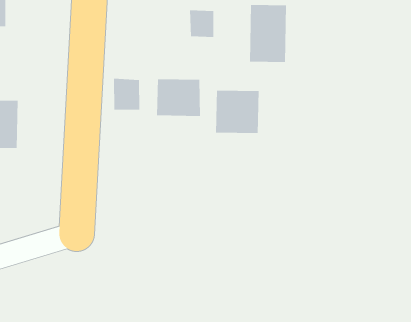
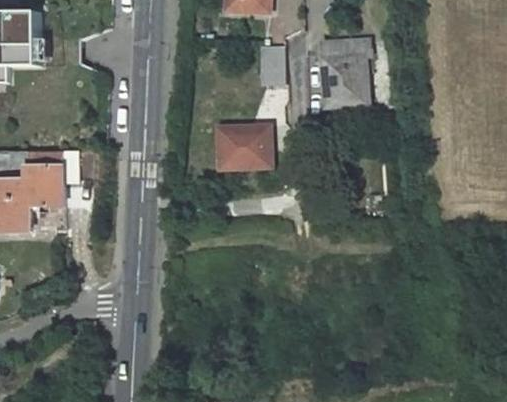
building: [114,78,140,111] -> none
building: [216,90,259,134] -> none

